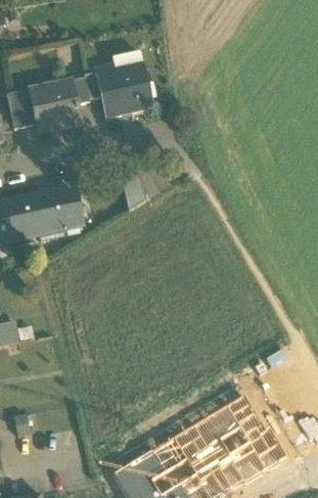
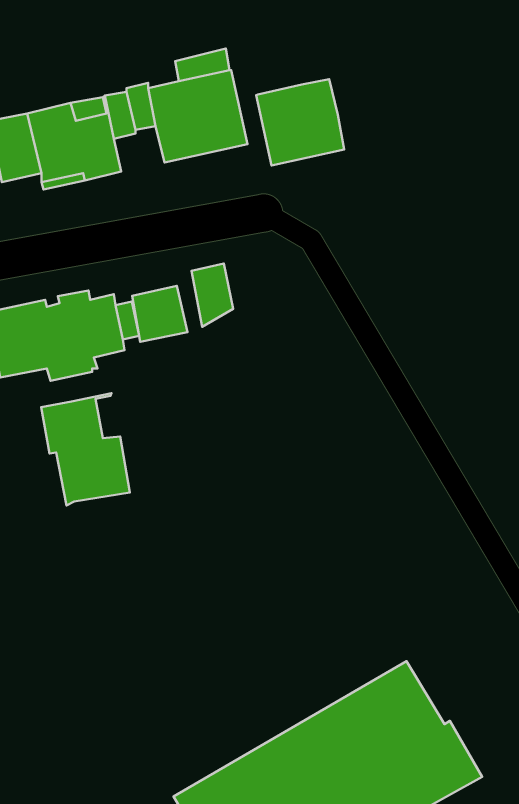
building: none -> [256,79,344,165]
building: none -> [132,286,188,342]
building: none -> [41,393,130,505]

